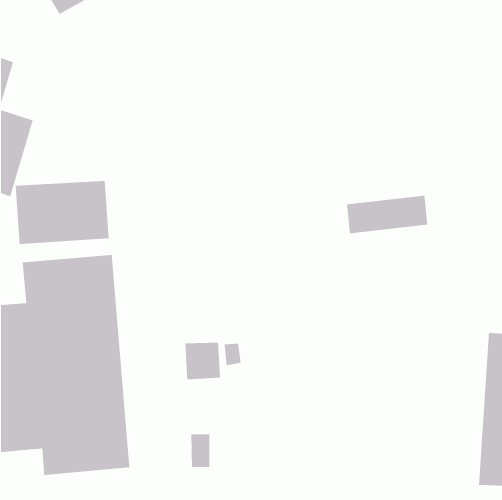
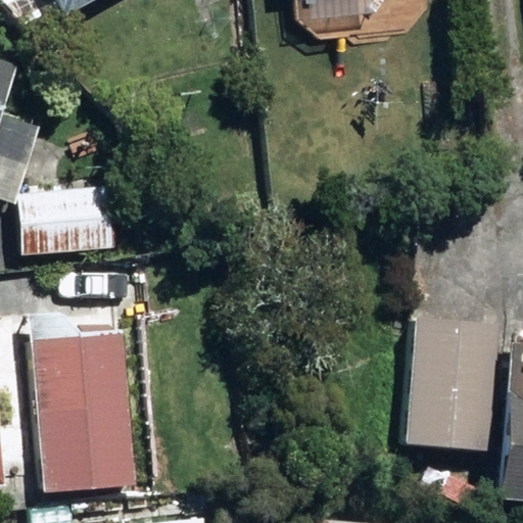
building: none -> [400,319,500,449]

